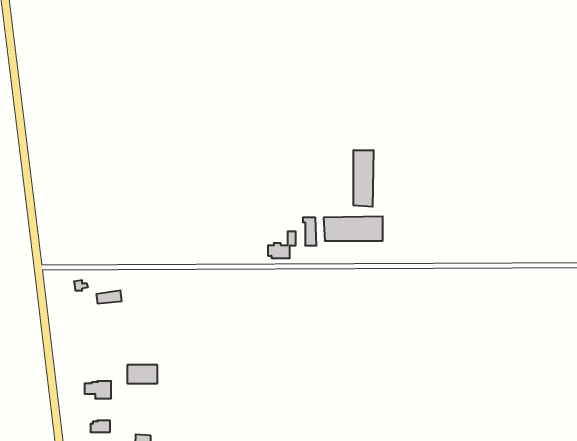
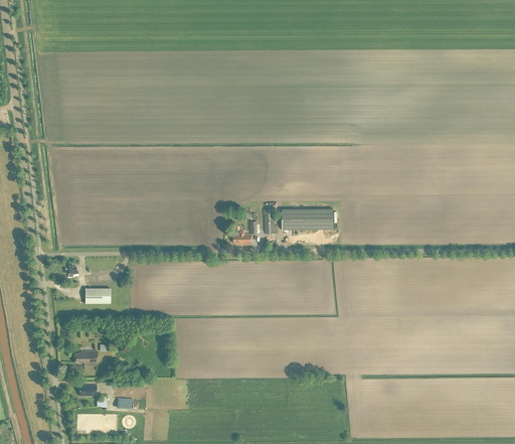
building: [354,150,373,207] -> none
building: [127,365,157,383] -> [83,287,110,303]

